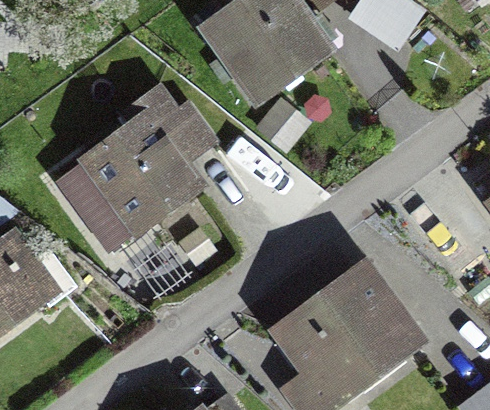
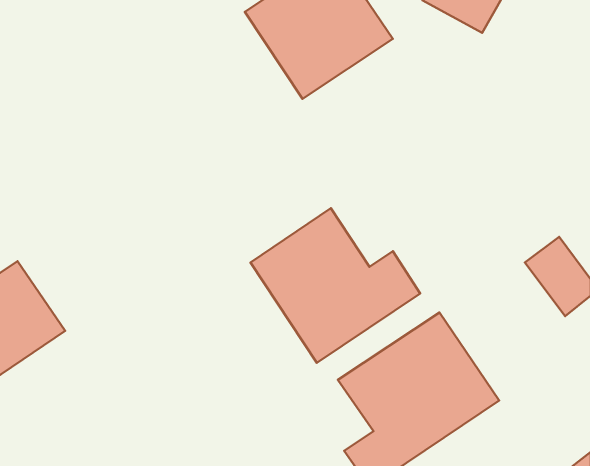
building: [58,88,196,248] -> none
building: none -> [251,208,420,363]

